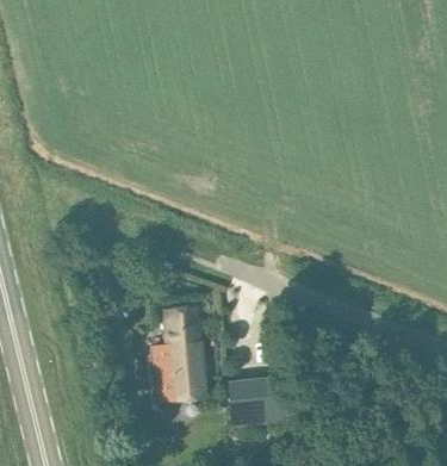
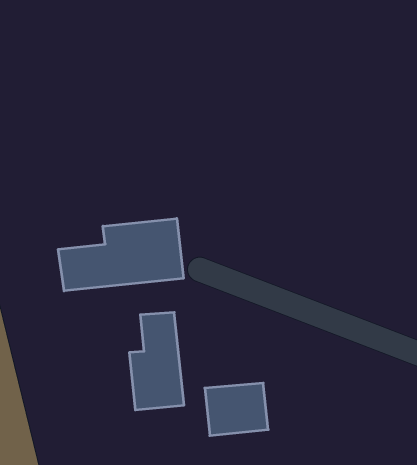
building: none -> [58,218,183,291]

